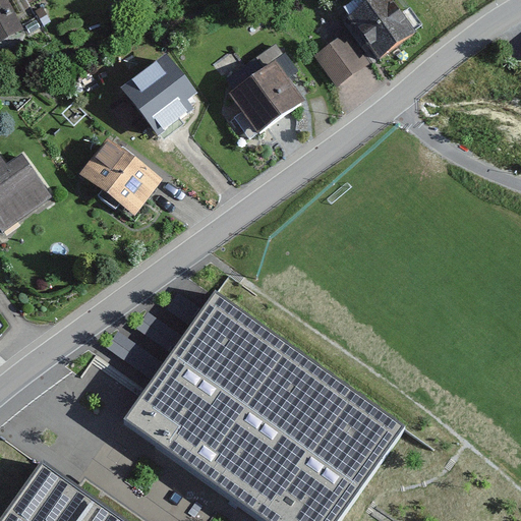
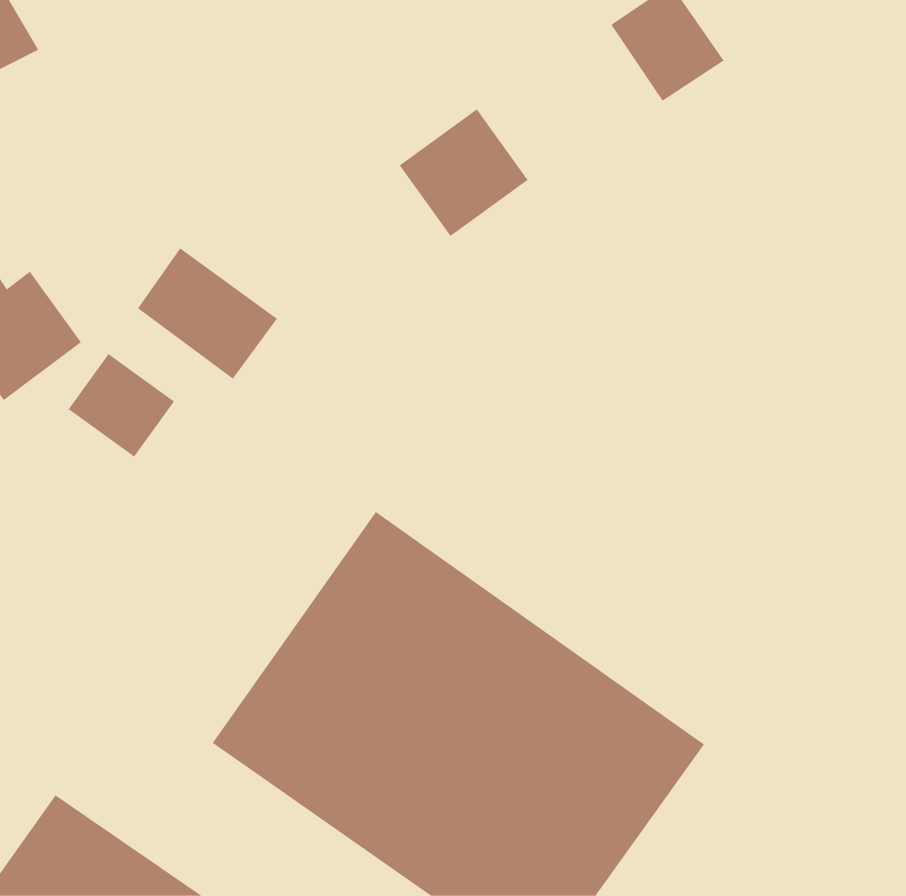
building: [310,27,370,86] -> none
building: [125,56,196,136] -> none
building: none -> [68,353,175,458]

